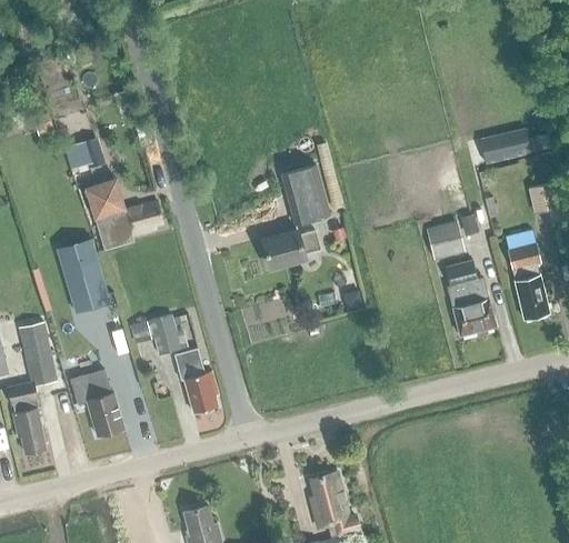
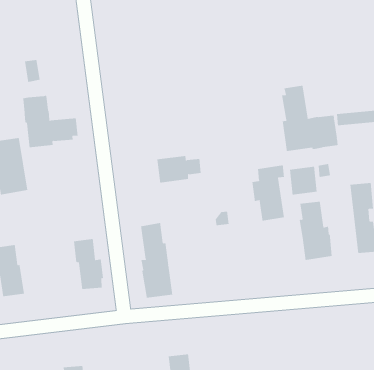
building: none -> [282,85,338,152]
building: [280,164,329,223] -> none
building: none -> [252,165,285,222]
building: [149,314,188,354] -> none
building: none -> [141,222,173,299]

